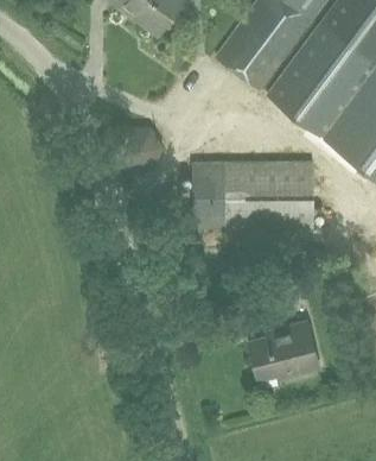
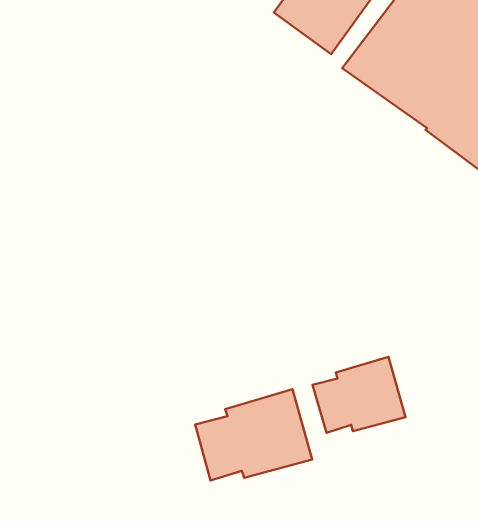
building: [191,160,312,228] -> none
building: none -> [195,389,312,481]

